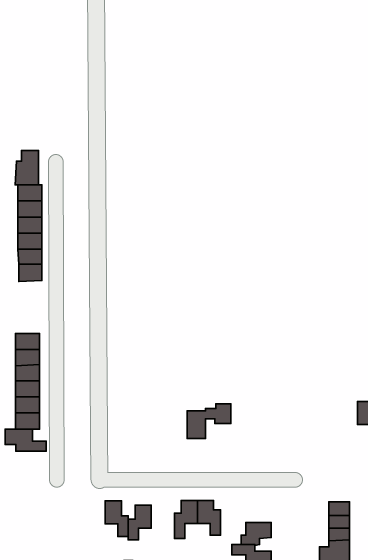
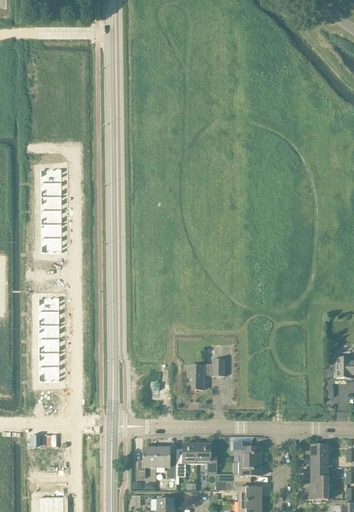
building: [15,151,39,185] -> none
building: [5,429,46,451] -> none
building: none -> [234,441,261,462]
building: [105,501,128,537] -> [157,447,177,478]

